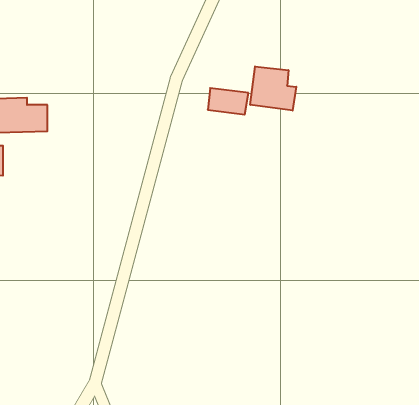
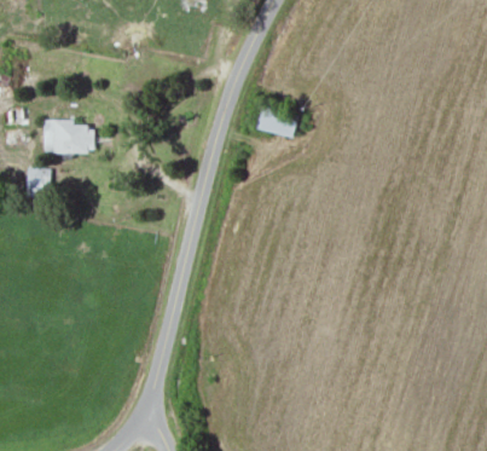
building: [250,66,296,111] -> none

